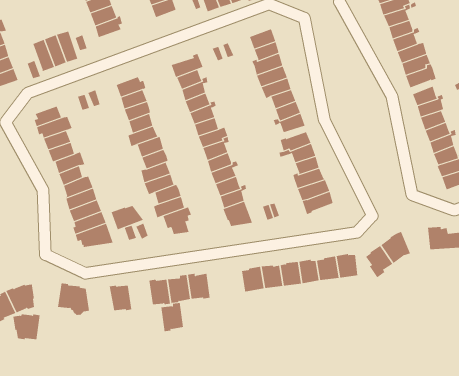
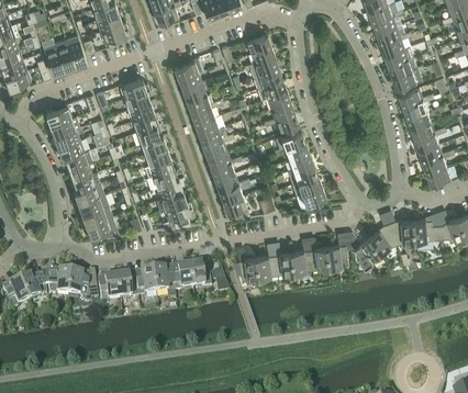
building: [111,205,144,230] -> none
building: none -> [389,218,415,243]
building: none -> [96,273,119,301]
building: [160,302,184,332] -> [133,268,155,295]
building: [12,314,41,340] -> [43,269,69,293]

